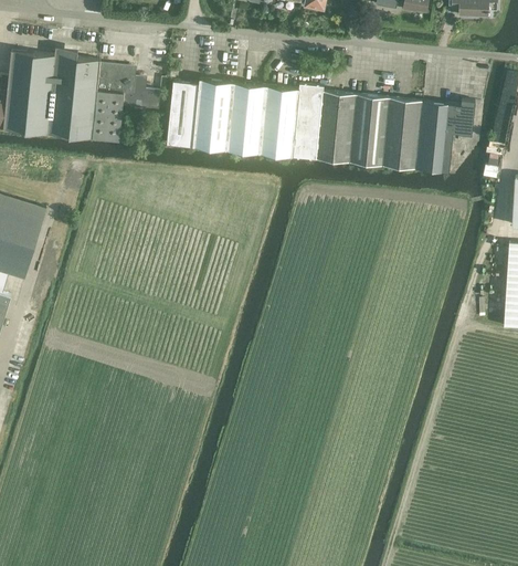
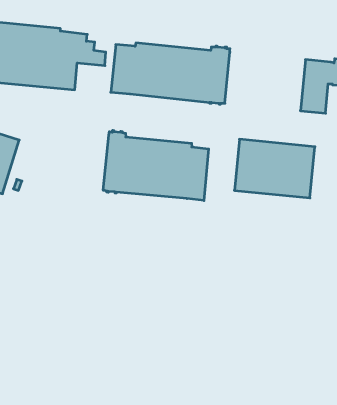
building: [317,93,423,170] -> [234,139,315,198]
building: none -> [103,130,209,201]

